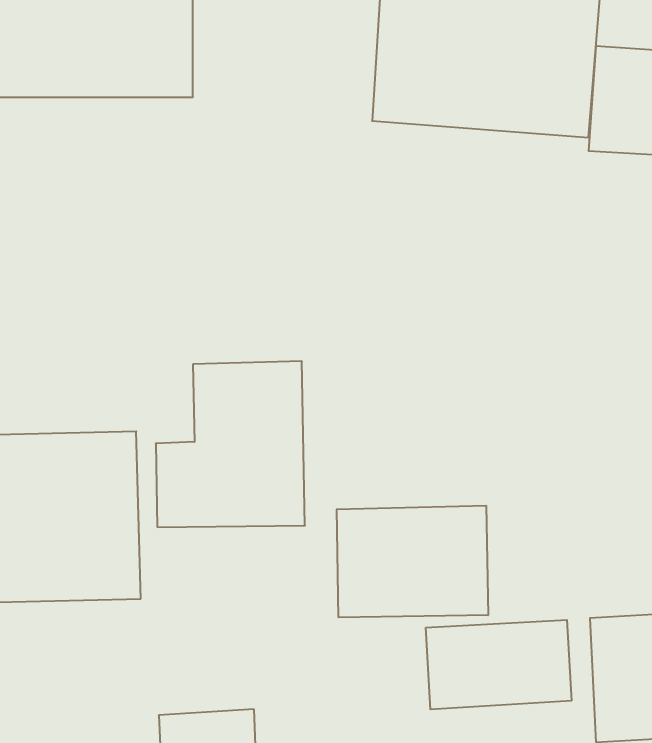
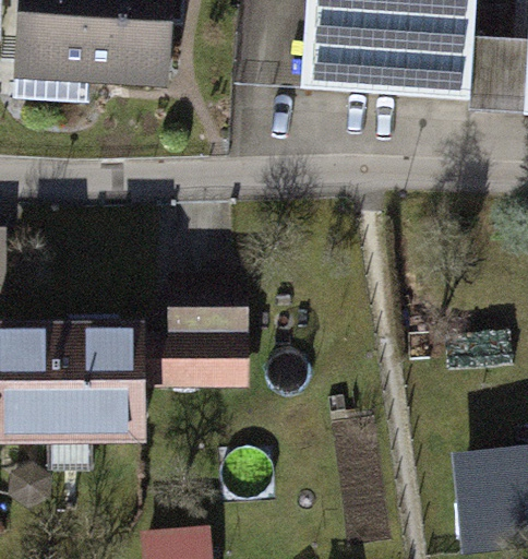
building: [337,506,488,617] -> none
building: [426,620,571,709] -> none

